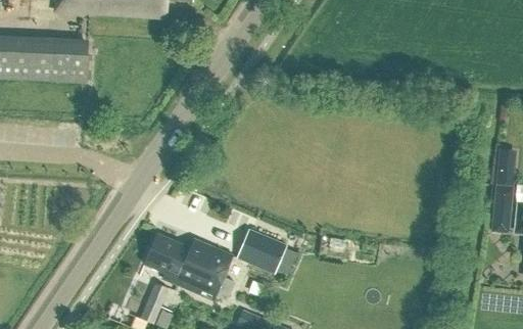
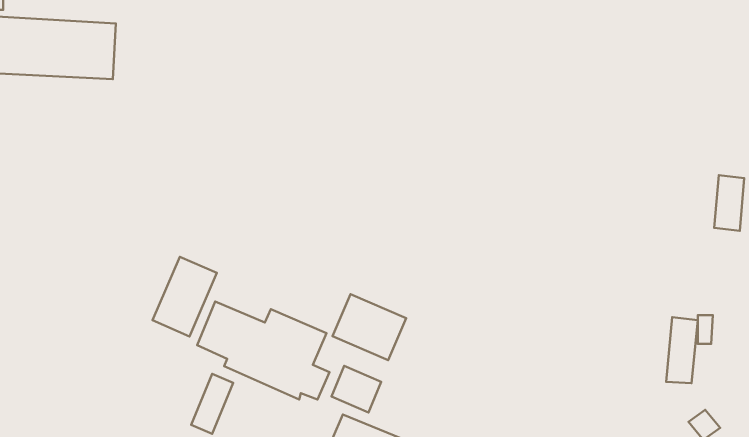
building: [491,182,513,227] -> [666,317,698,383]
building: none -> [152,257,217,336]
building: none -> [332,366,381,412]

